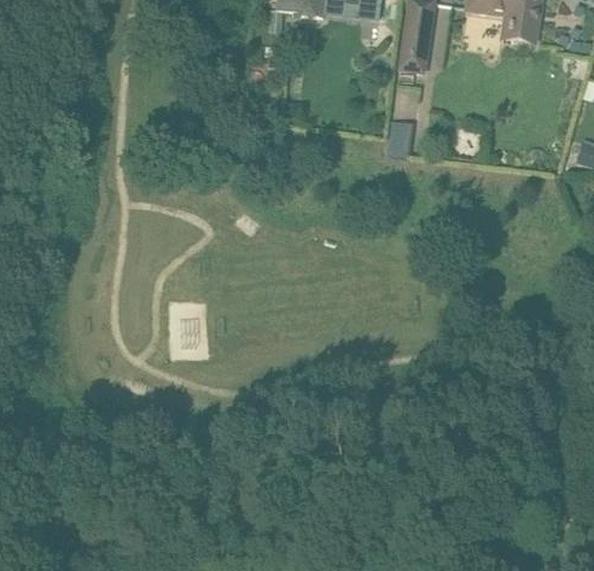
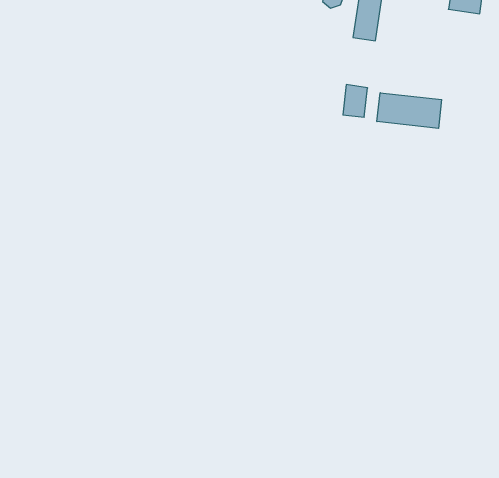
building: none -> [377,93,442,128]

